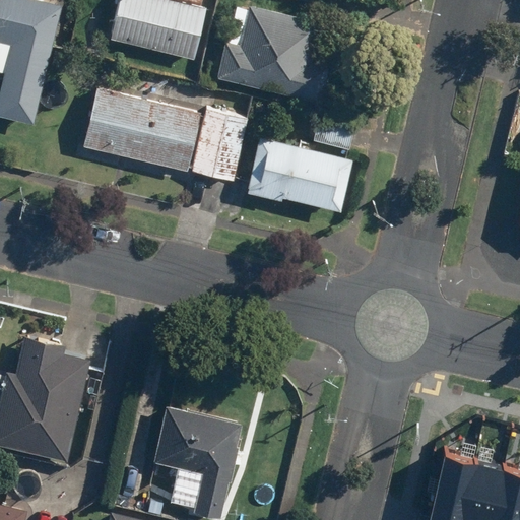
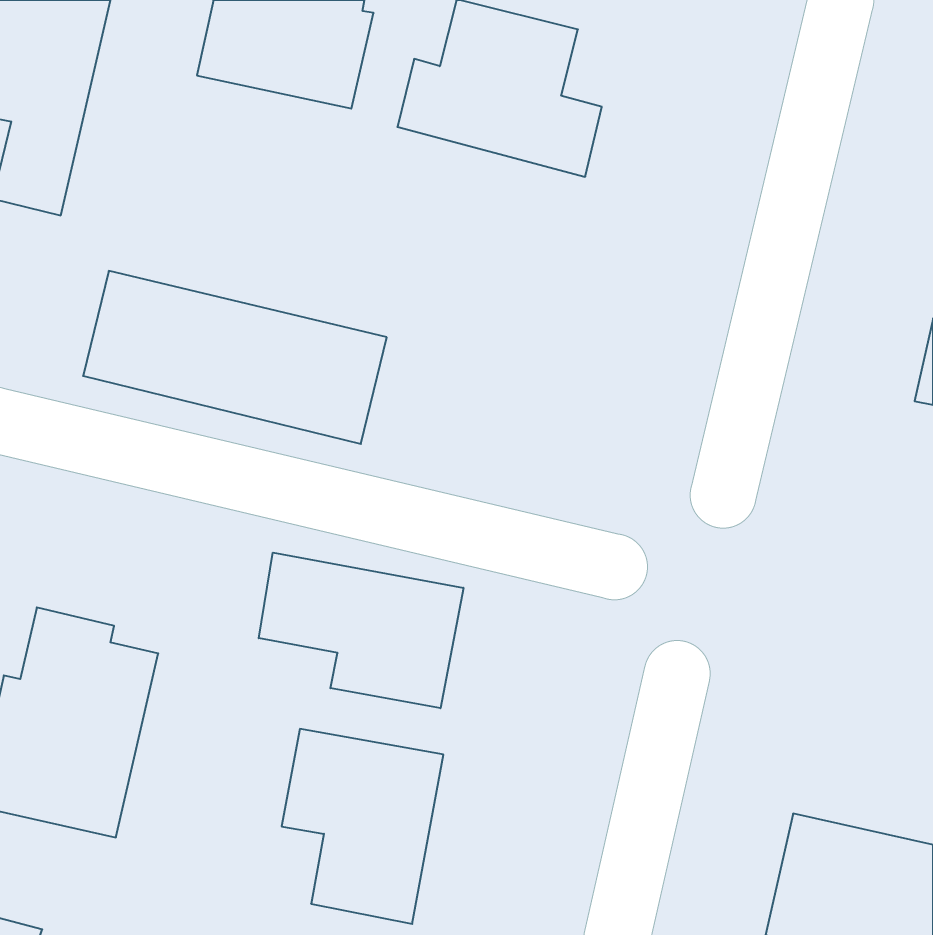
building: [82,84,250,180] -> [83,271,387,444]
building: [239,141,347,214] -> none
building: none -> [259,553,463,708]

